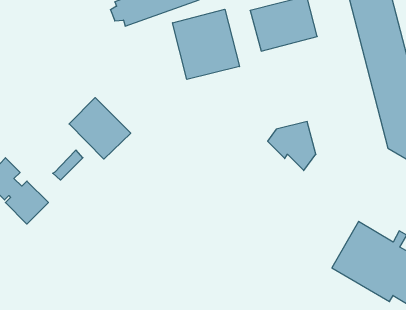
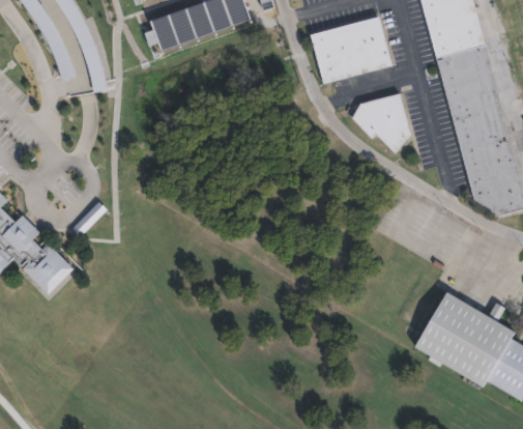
building: [173,9,239,79] -> none
building: [69,98,131,159] -> none
building: [268,122,316,171] -> [350,92,408,151]

